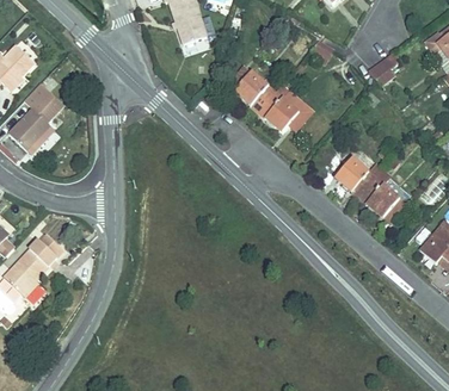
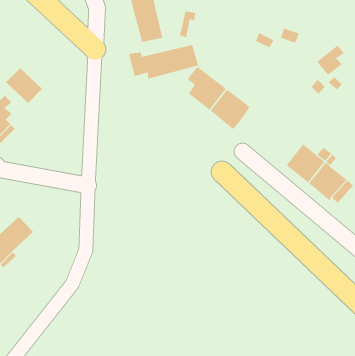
building: none -> [129,44,199,79]
building: [273,91,314,139] -> none

